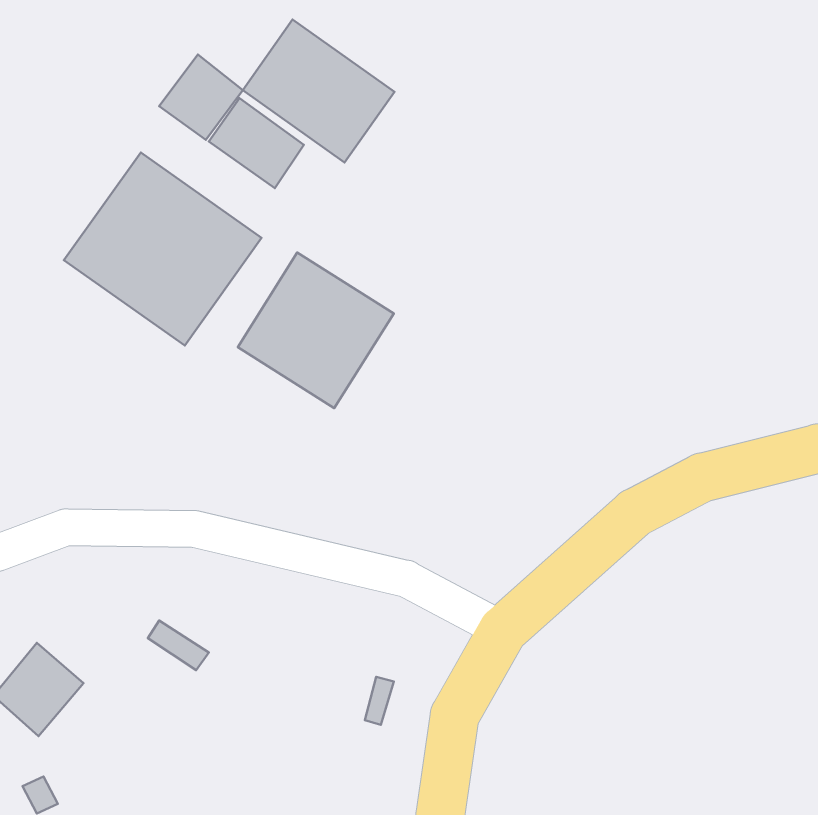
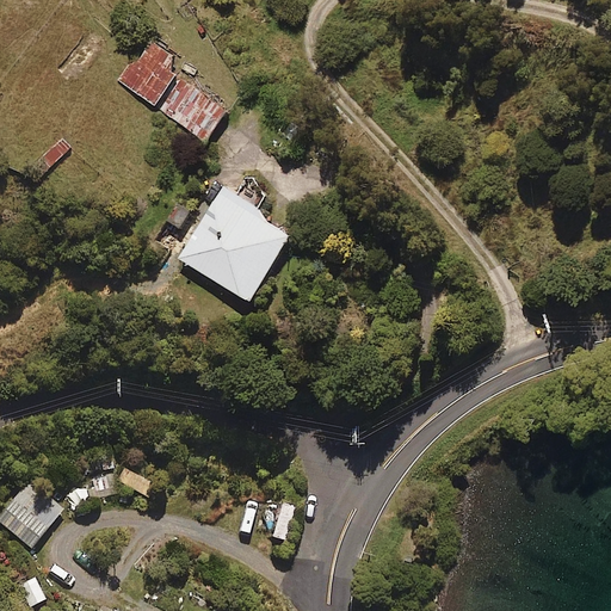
building: [243,19,394,162] -> none
building: [64,153,262,345] -> none

